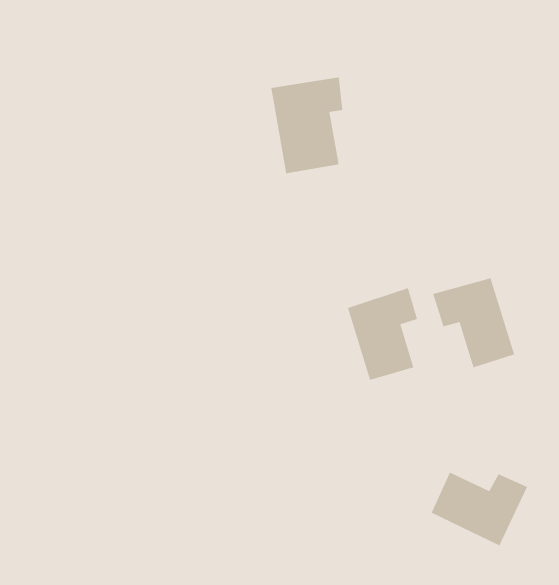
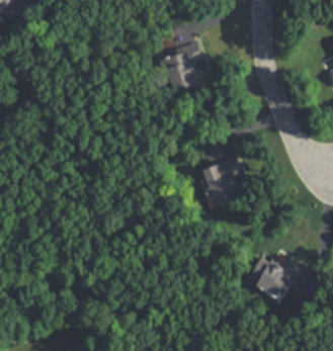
building: [433,277,515,368] -> none

